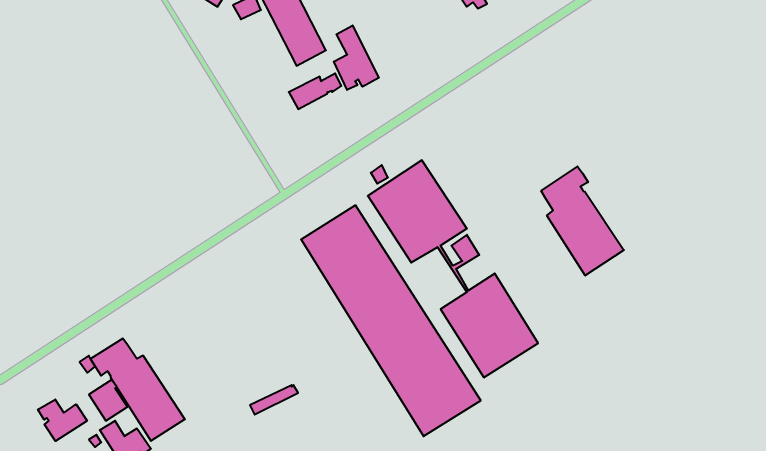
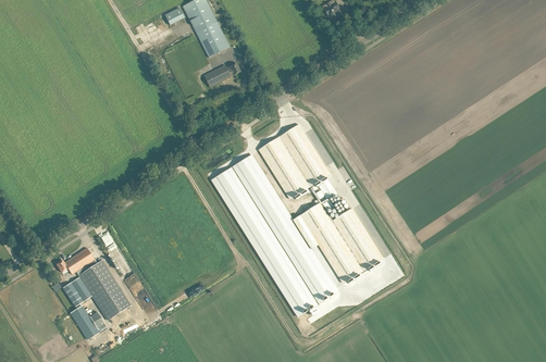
building: [334,25,379,90] -> none
building: [541,166,624,276] -> none
building: [38,399,87,441] -> none

